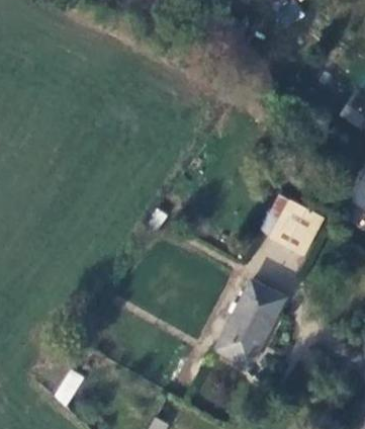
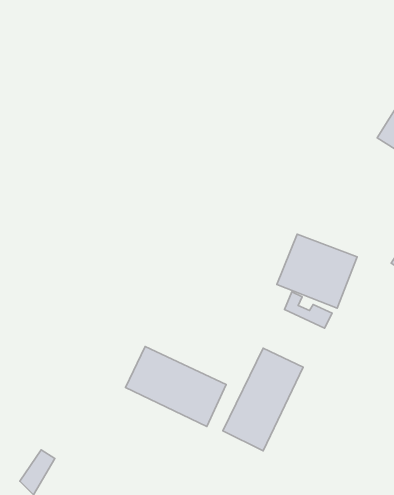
building: none -> [125,347,226,426]

